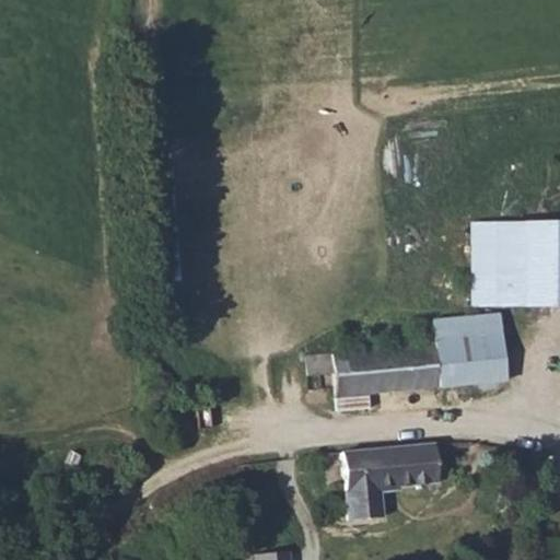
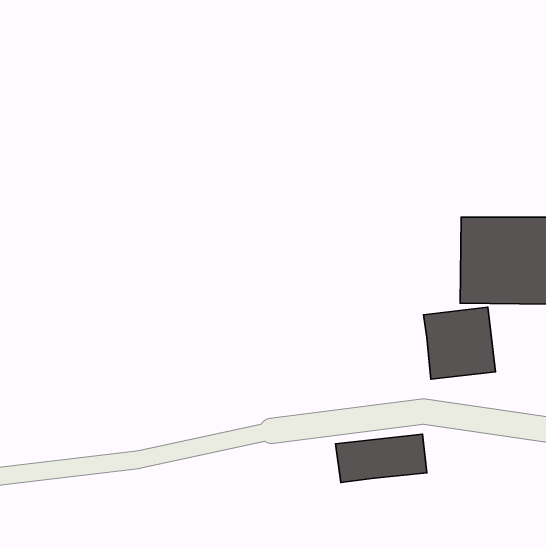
building: [308,343,442,398] -> none
building: [350,487,388,523] -> none

